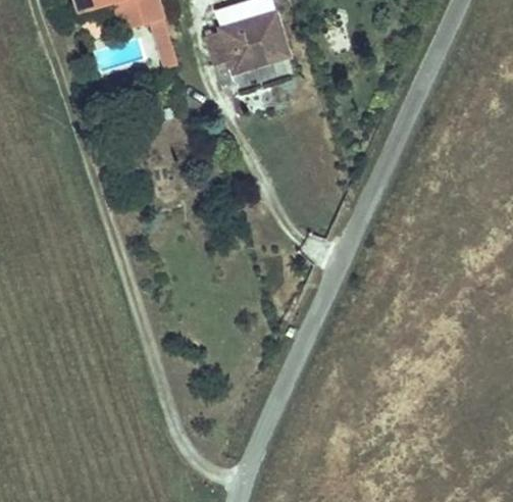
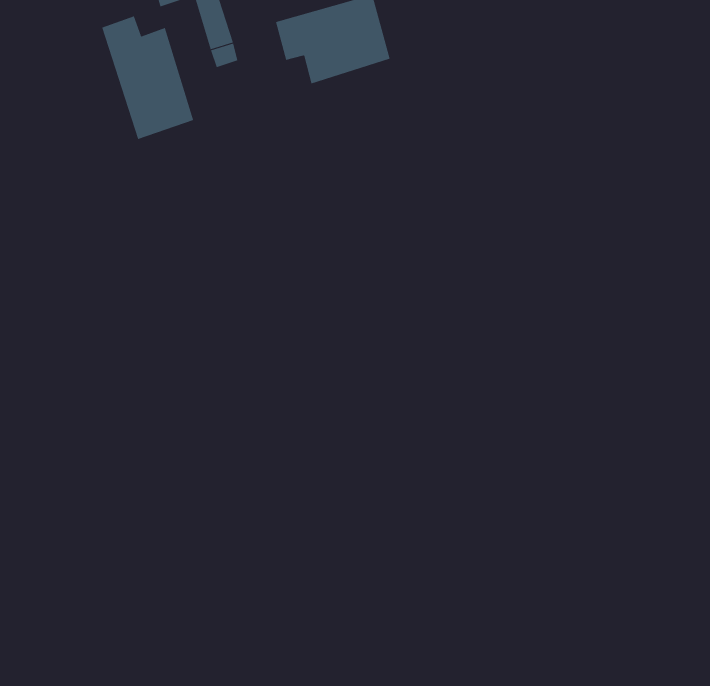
building: none -> [101,16,194,140]

